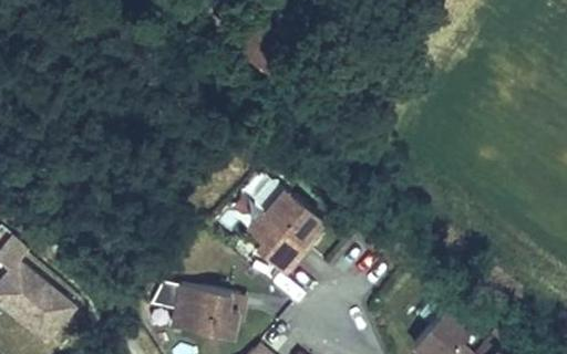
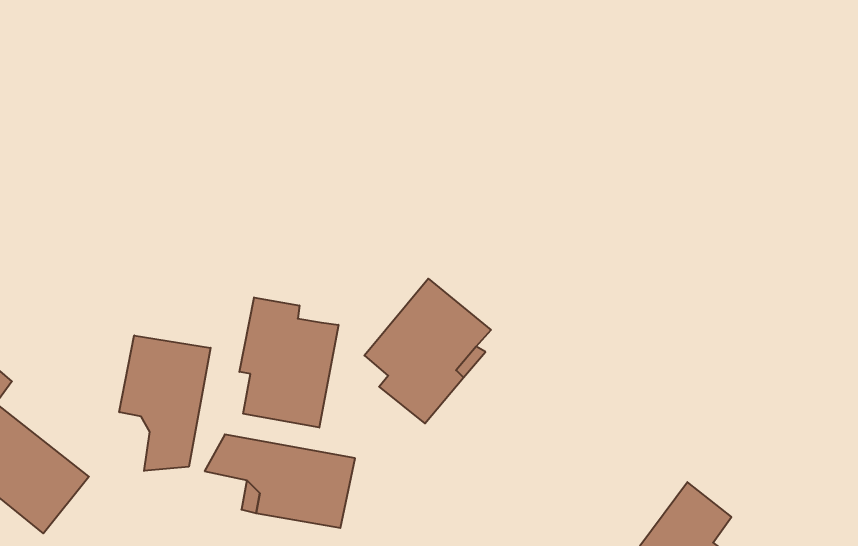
building: none -> [239,297,338,428]
building: none -> [119,335,211,471]

